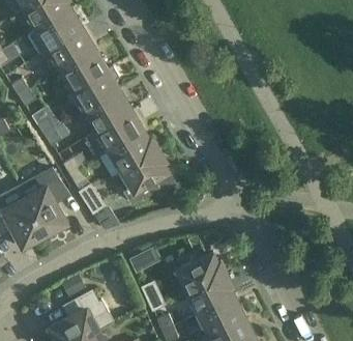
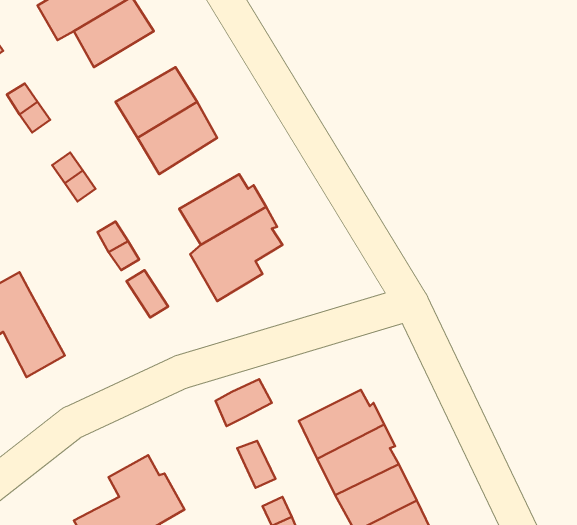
building: [60,48,107,88] -> none
building: [97,109,143,149] -> none
building: [18,168,65,233] -> none

